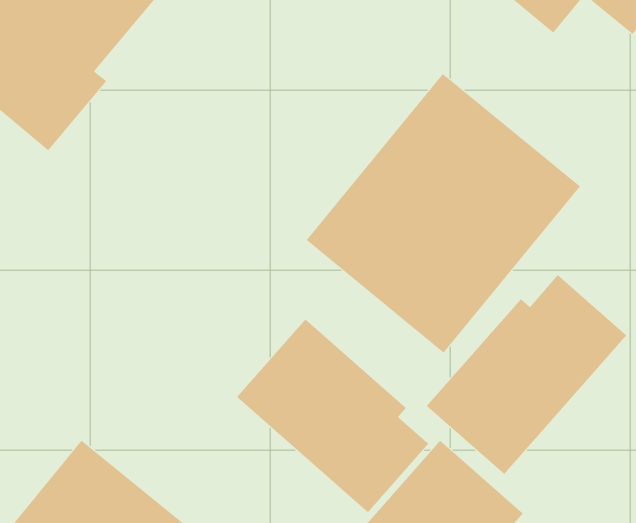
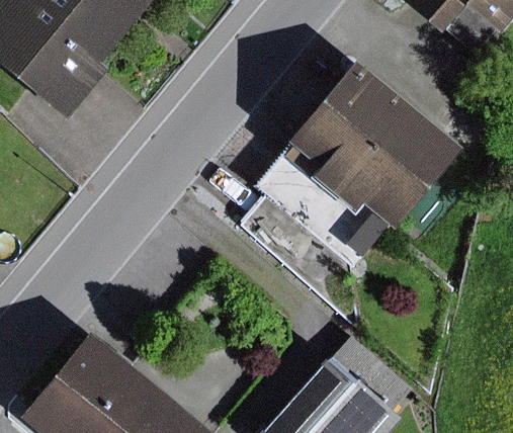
building: [426,274,627,475] -> none
building: [236,318,429,513] -> none

